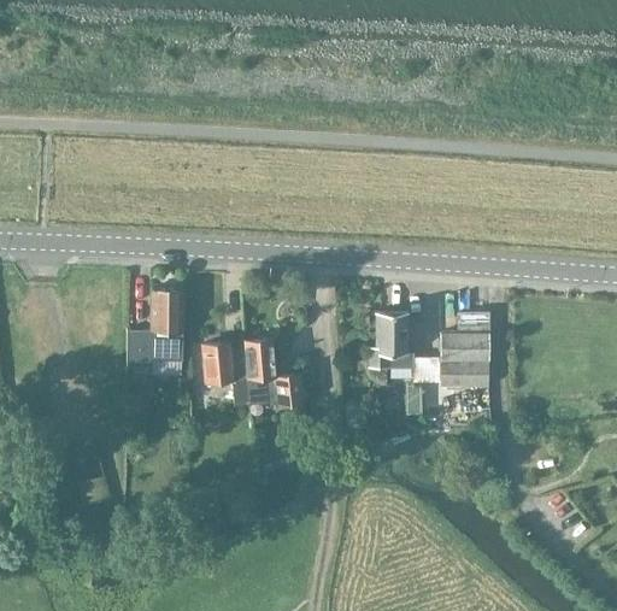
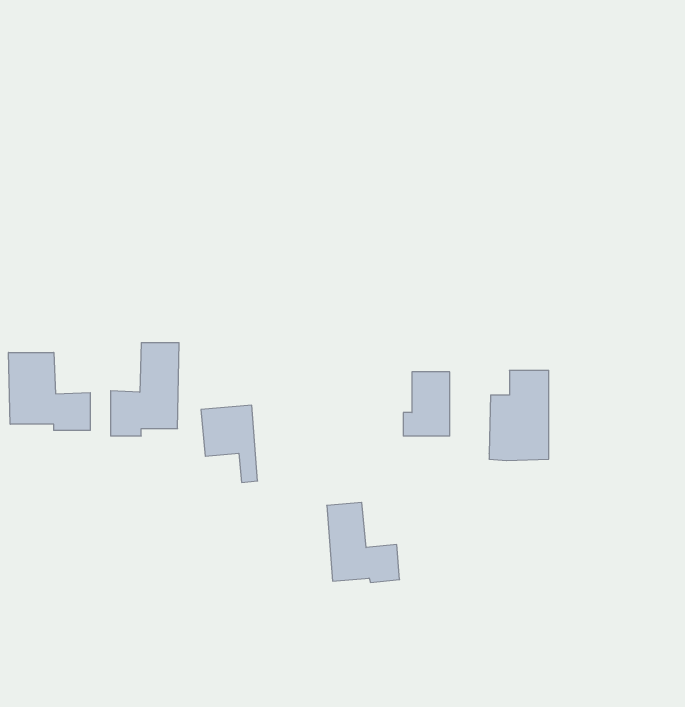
building: none -> [9,352,90,430]
building: [243,341,304,407] -> [327,502,400,582]

